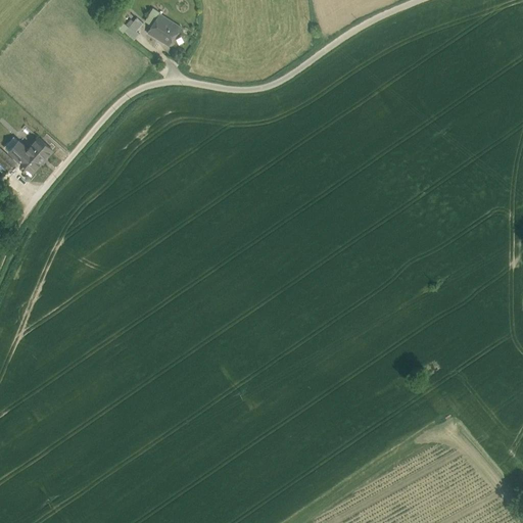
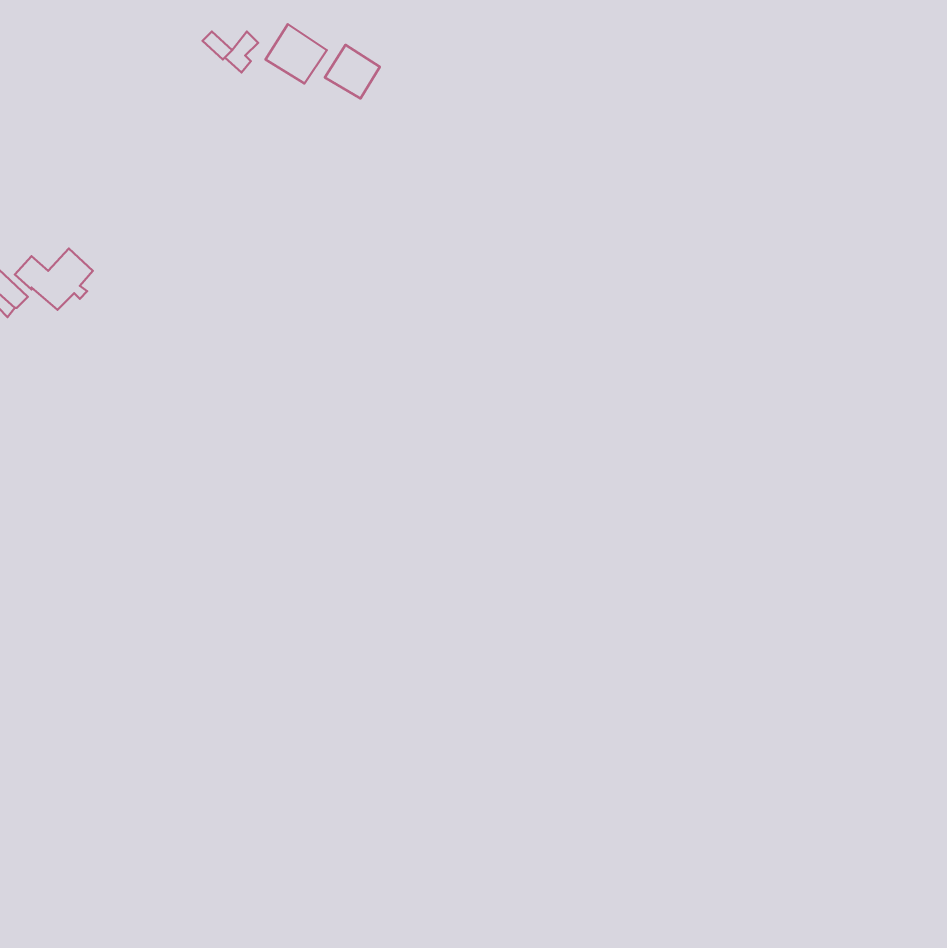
building: none -> [325,45,380,99]

